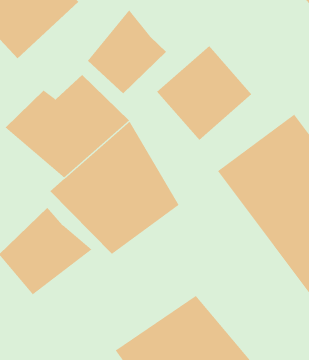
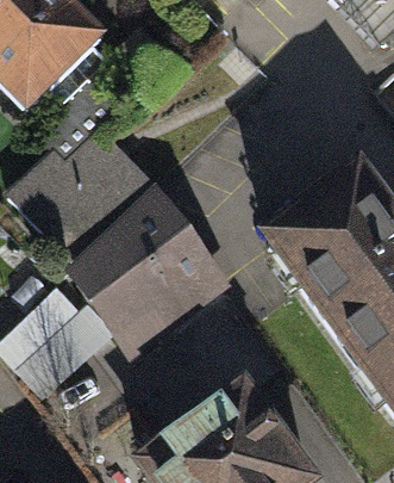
building: [87,10,167,94] -> none
building: [156,45,252,141] -> none

